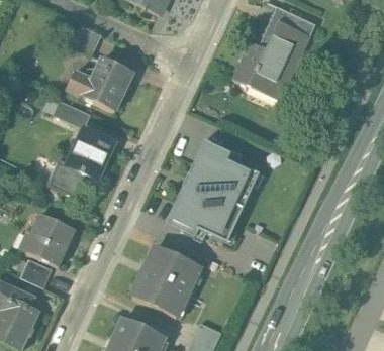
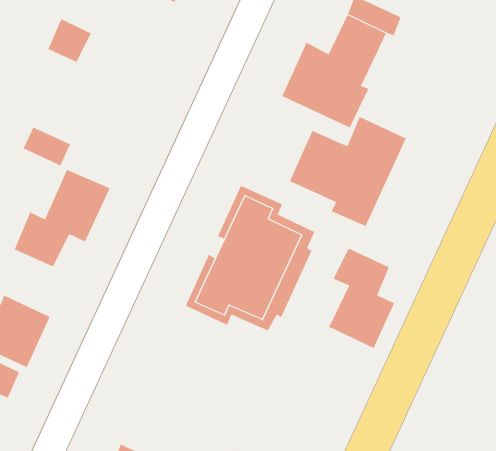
building: [67,56,133,110] -> none
building: none -> [289,116,406,227]
building: none -> [329,248,395,349]
building: [132,245,200,316] -> none

